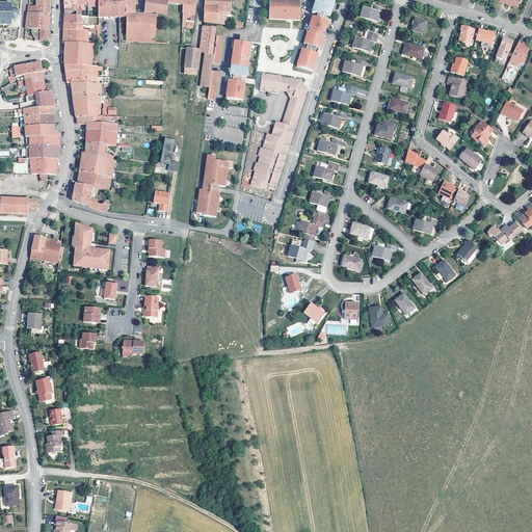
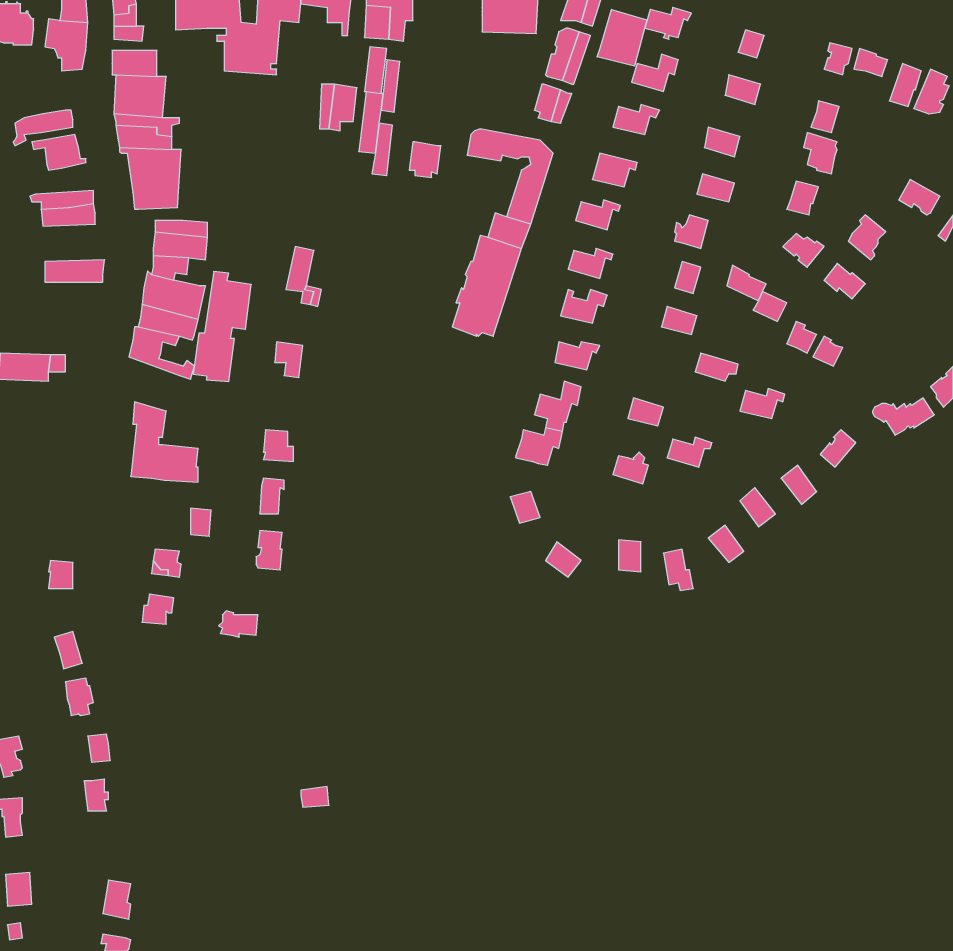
building: none -> [597,9,647,66]
building: [230,39,250,76] -> none
building: [19,90,53,108] -> none
building: [24,125,58,145] -> none
building: [196,155,229,216] -> [193,271,251,382]
building: [30,157,56,174] -> none
building: [29,235,60,262] -> none

